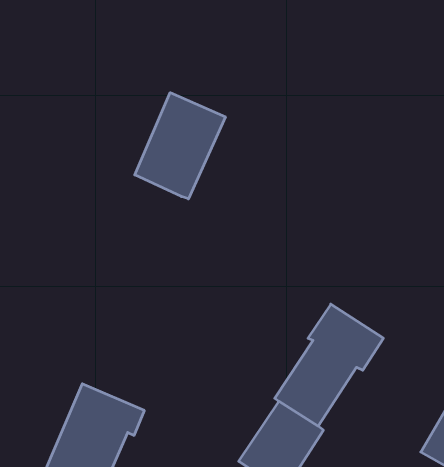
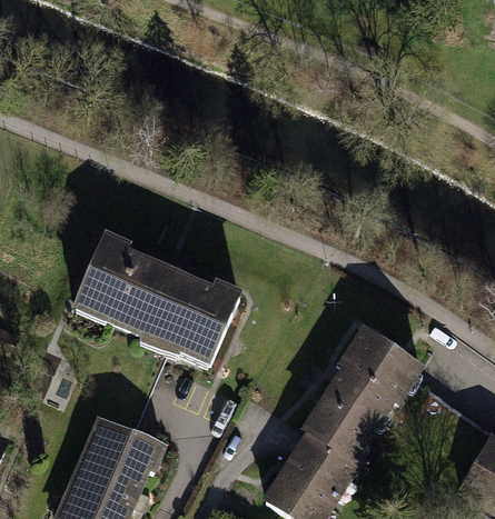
building: [135,93,225,199] -> none
building: none -> [79,238,239,356]

